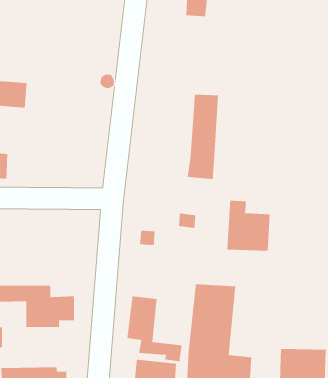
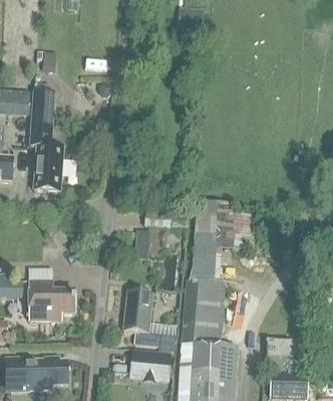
building: none -> [30,89,63,191]
building: [187,94,219,180] -> [190,199,220,279]

